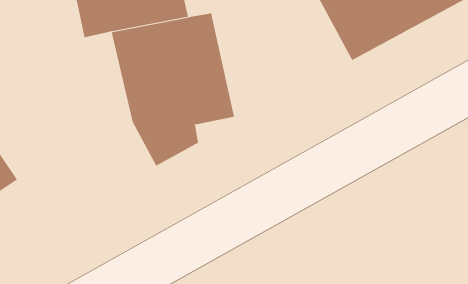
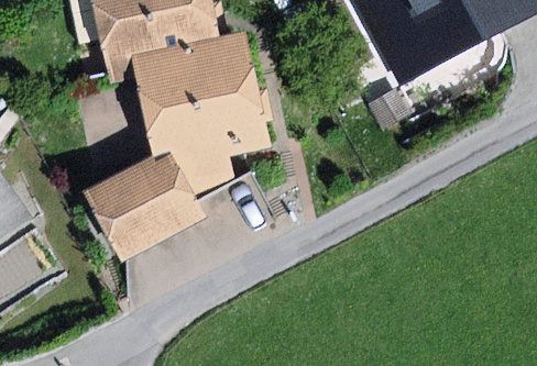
building: none -> [84,152,193,258]

